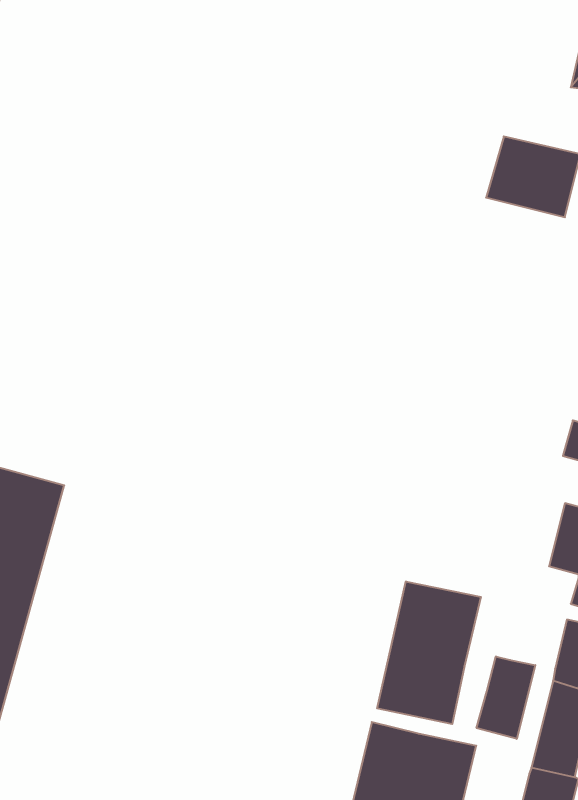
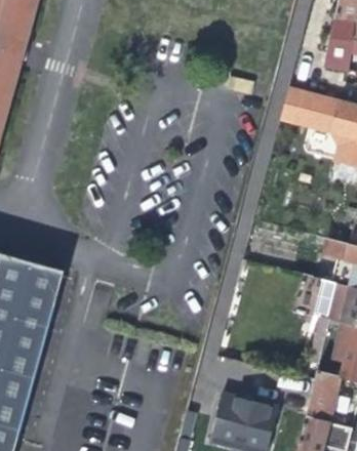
building: [377,581,481,724] -> none
building: [477,656,535,739] -> none

